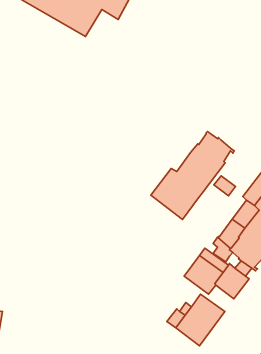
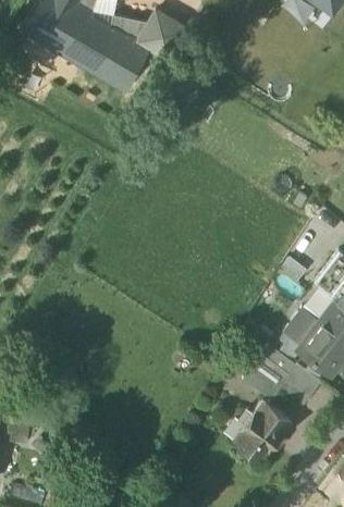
building: [151,131,234,219] -> none

